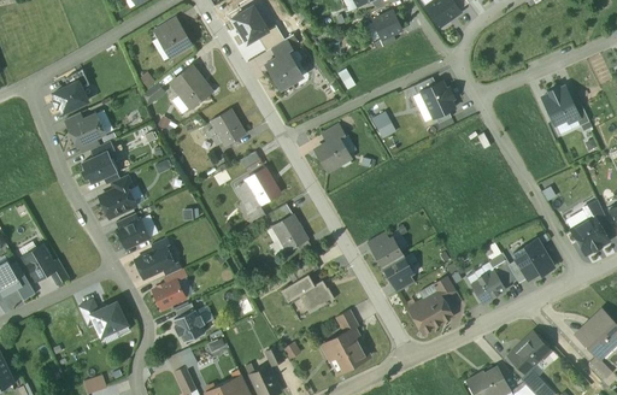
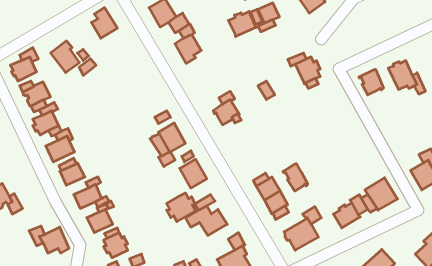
building: none -> [228,11,256,37]
building: [170,66,207,107] -> [51,41,79,73]
building: none -> [359,69,383,95]
building: [210,110,245,146] -> none
building: none -> [283,164,308,191]
building: none -> [167,193,196,222]

